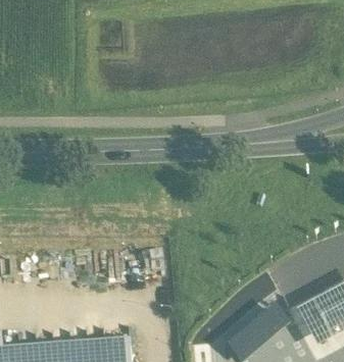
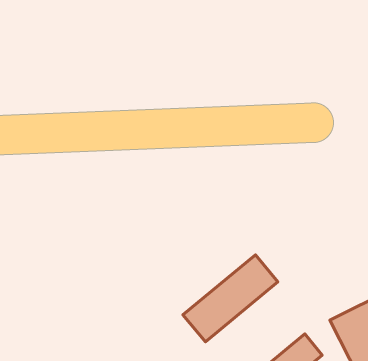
building: none -> [183,255,278,342]

